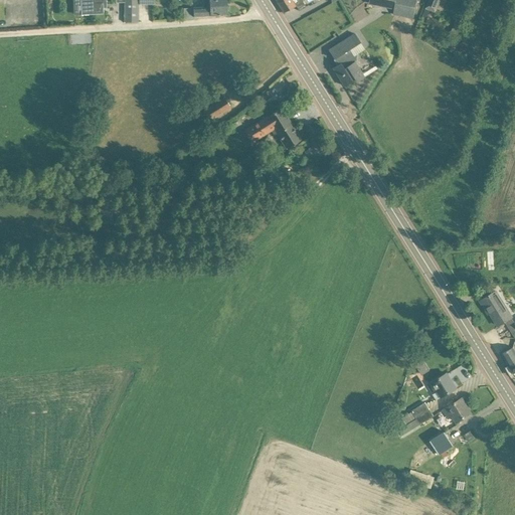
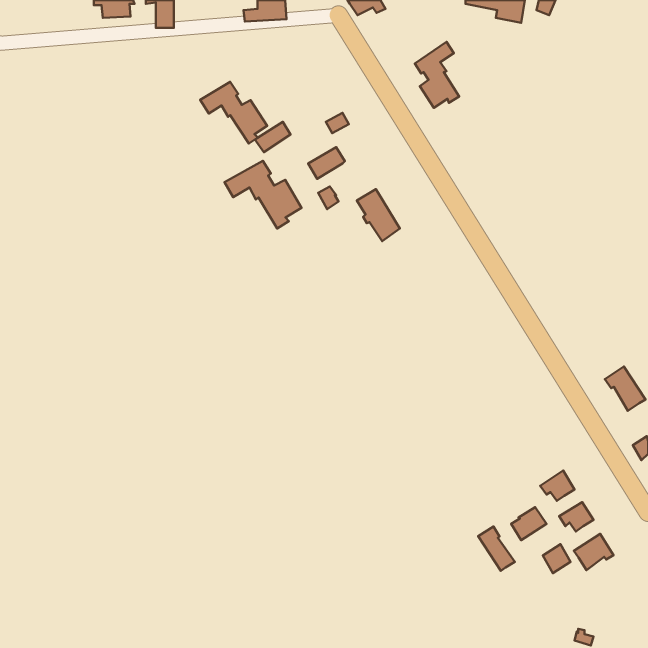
building: none -> [200,82,267,144]
building: [267,108,301,149] -> [357,189,400,241]
building: none -> [224,161,302,228]
building: none -> [478,527,515,571]
building: none -> [574,534,614,570]

